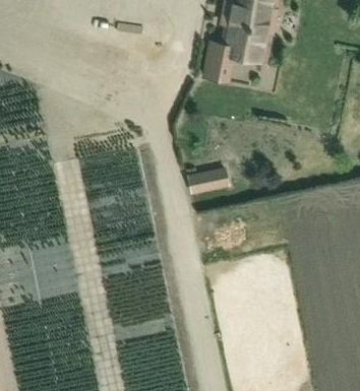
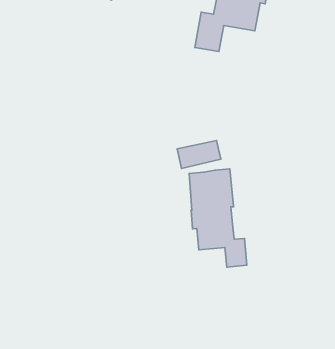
building: none -> [189,169,247,267]

